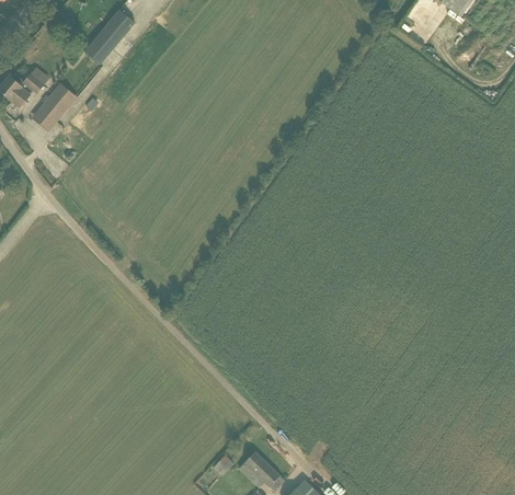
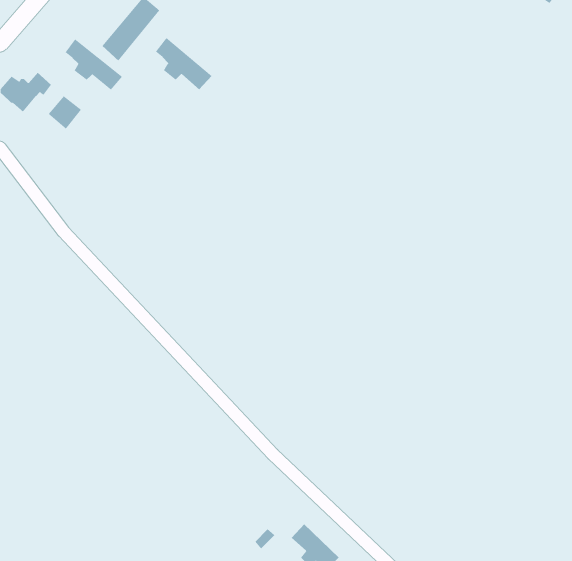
building: none -> [155,37,212,90]
building: none -> [65,39,123,91]

